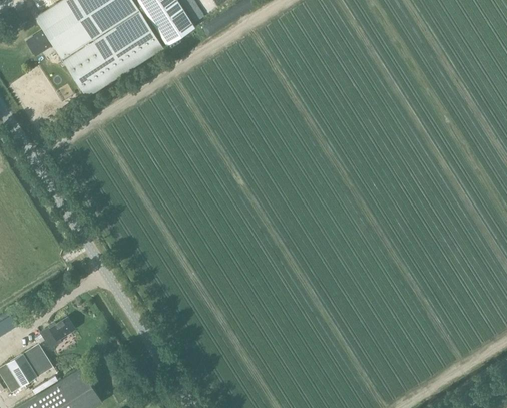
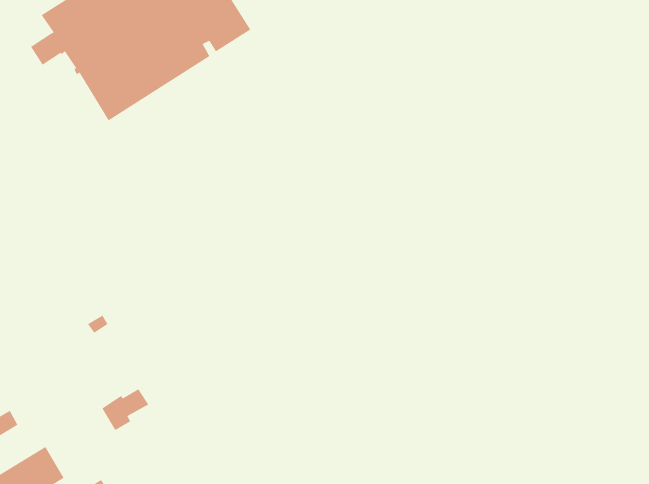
building: [39,317,75,349] -> [102,388,149,431]

